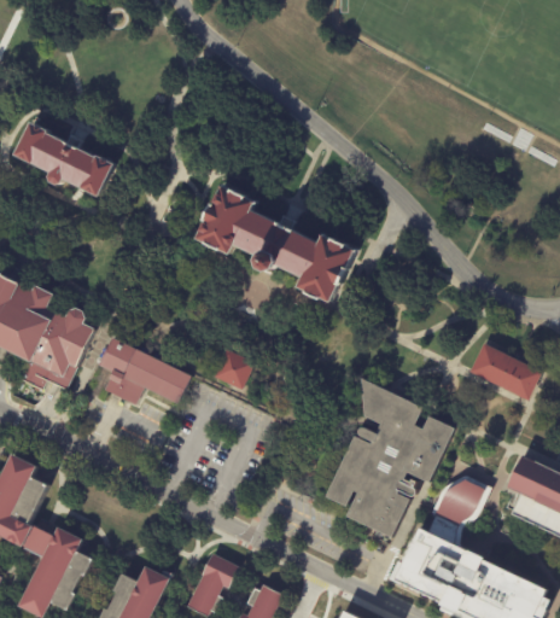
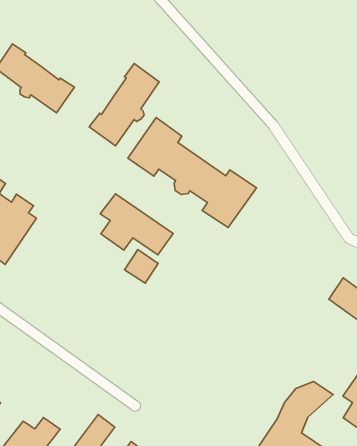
building: none -> [89,63,159,146]
building: [97,338,189,406] -> [100,194,173,255]
building: [323,378,453,538] -> none

